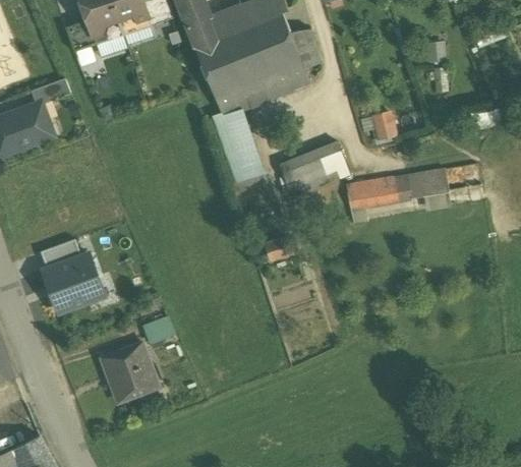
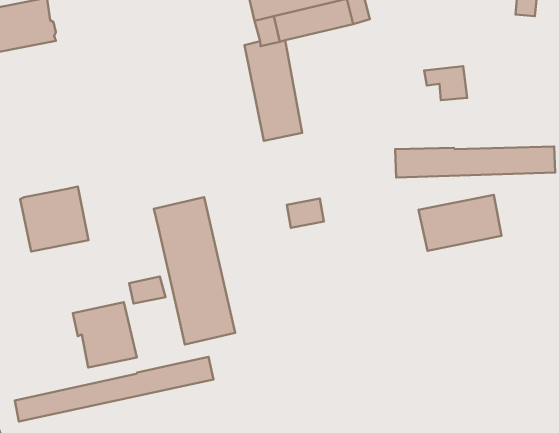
building: [278,142,349,196] -> [419,195,501,251]
building: [40,239,80,269] -> none
building: none -> [154,197,235,344]
building: none -> [15,357,214,421]

